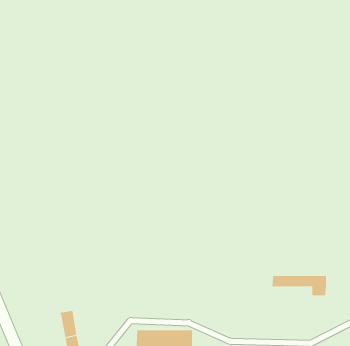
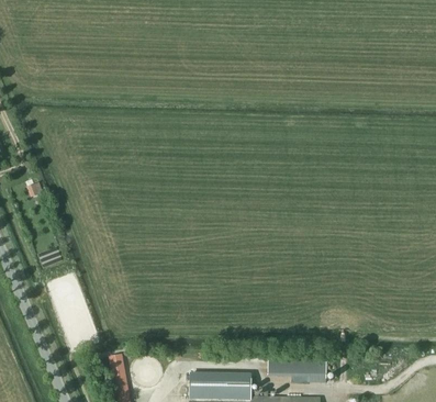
building: [271,275,327,296] -> [268,360,327,382]

